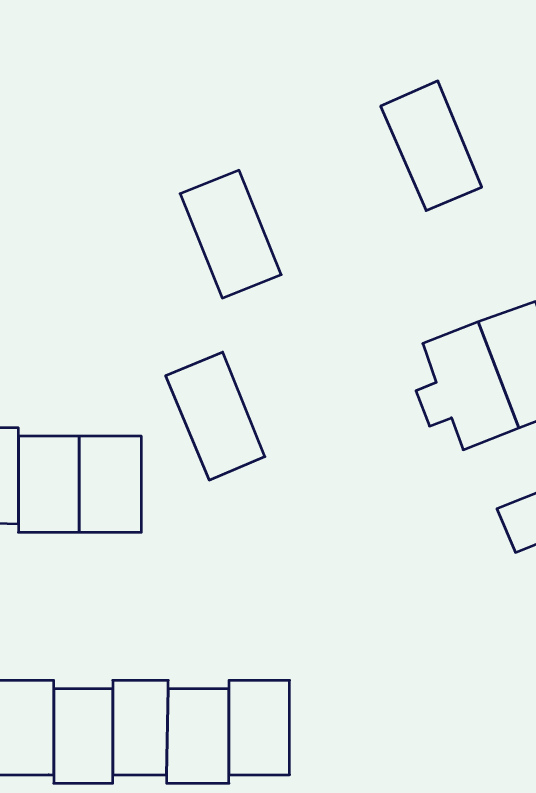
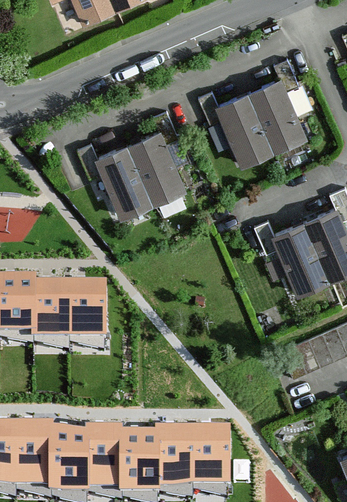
building: none -> [214,92,274,168]
building: [166,352,265,480] -> [94,144,153,220]
building: none -> [193,433,229,489]

